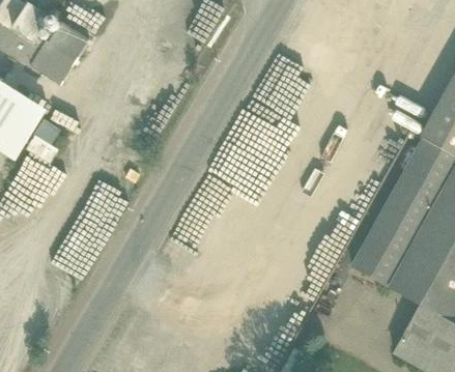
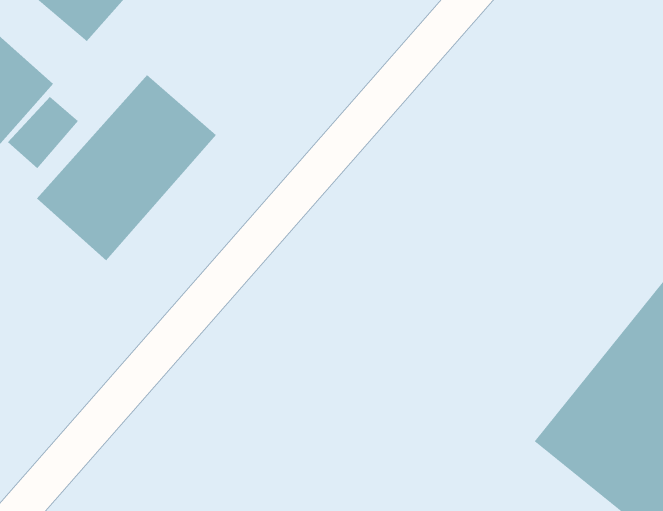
building: none -> [36,74,217,261]

